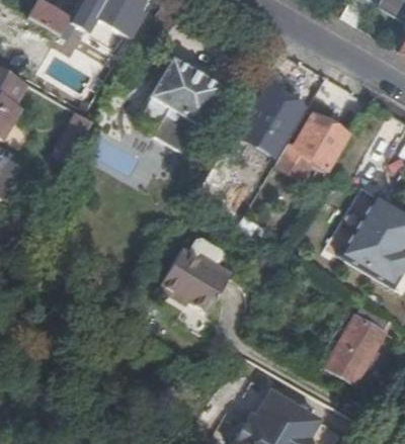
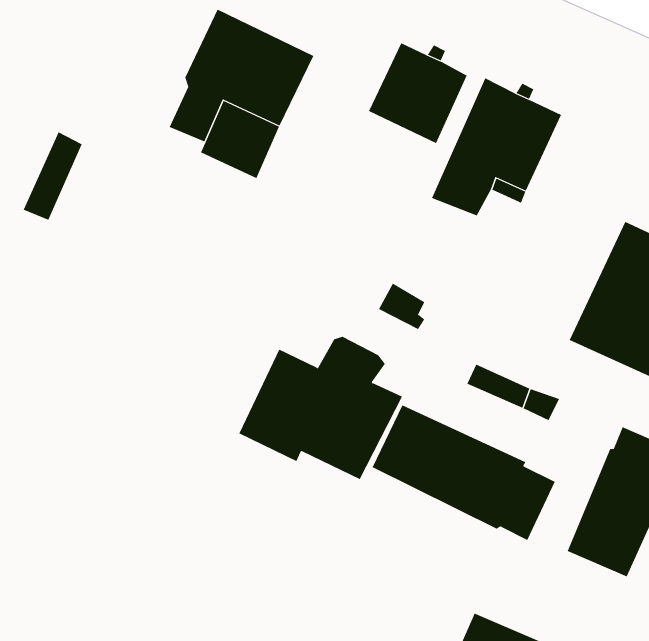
building: none -> [372,405,556,541]

